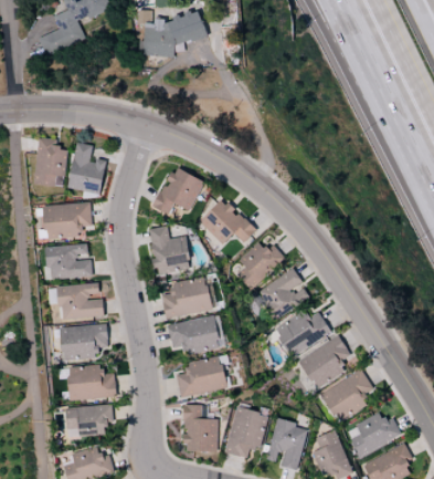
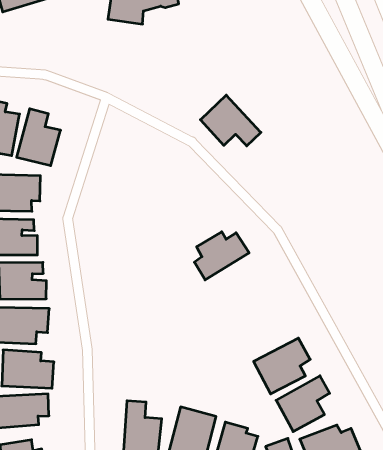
building: [155,167,204,216] -> none
building: [200,198,256,244] -> [200,95,261,146]
building: [149,226,191,275] -> none
building: [257,269,309,320] -> none
building: [161,277,212,317] -> none
building: [274,312,332,357] -> none
building: [167,315,221,355] -> none
building: [177,356,226,397] -> none

